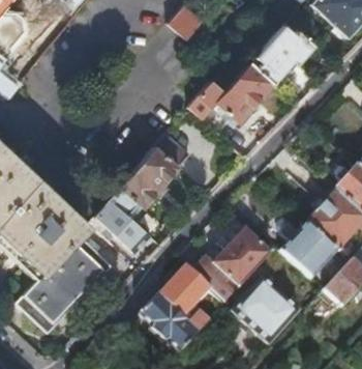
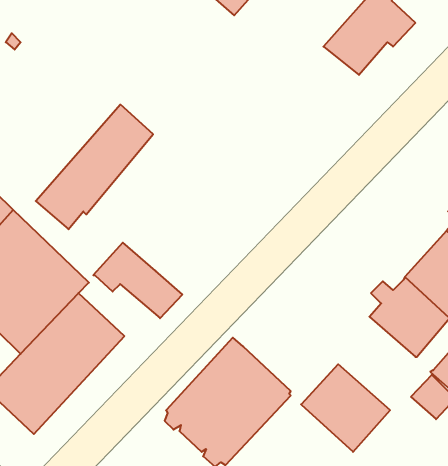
building: [200,60,274,119] -> none
building: [110,130,191,217] -> [36,105,153,229]
building: [193,228,272,301] -> none

